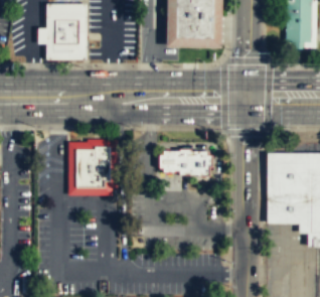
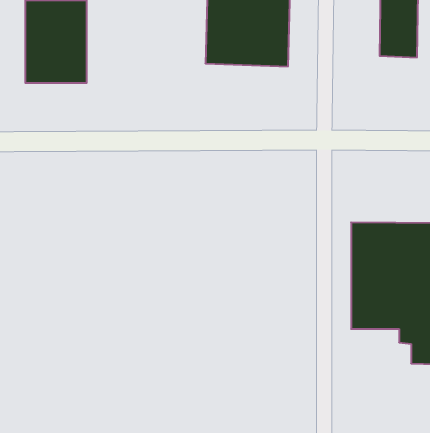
building: [76,147,111,188] -> none
building: [159,150,213,177] -> none

